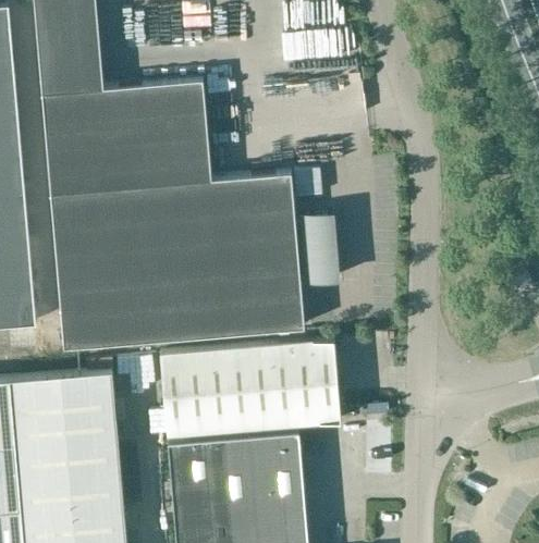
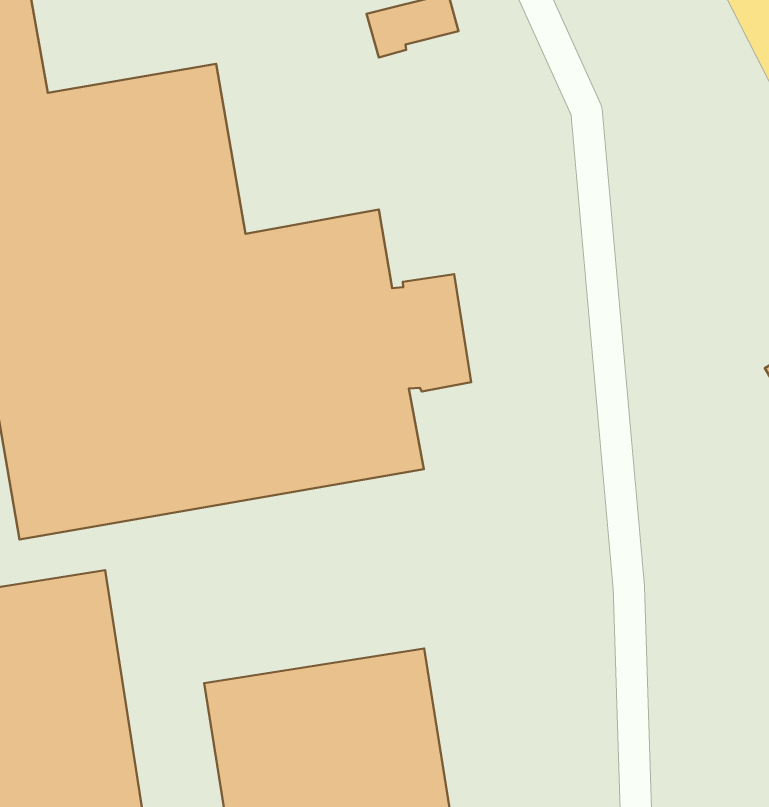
building: [159,341,340,439] -> none

